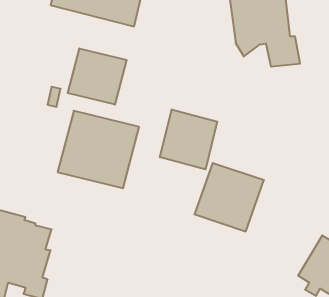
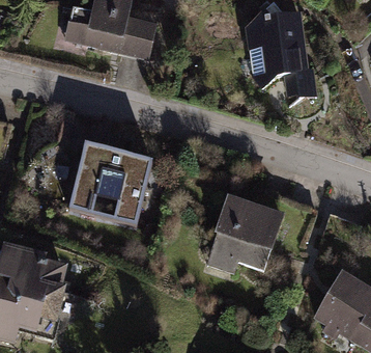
building: [68,48,127,105] -> none
building: [160,109,217,169] -> none

